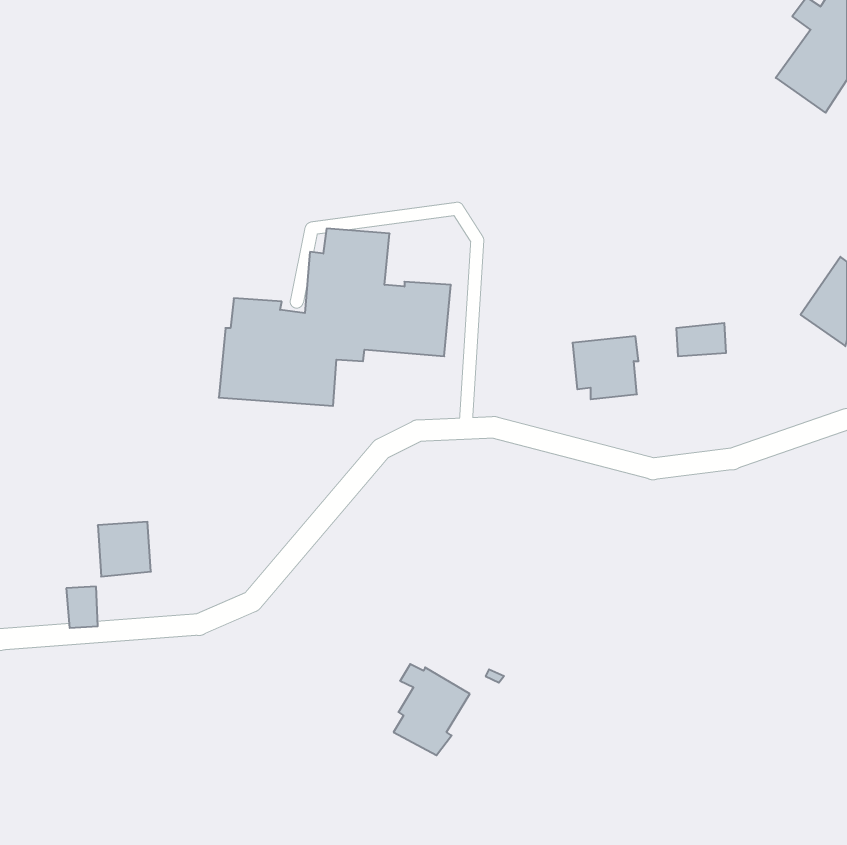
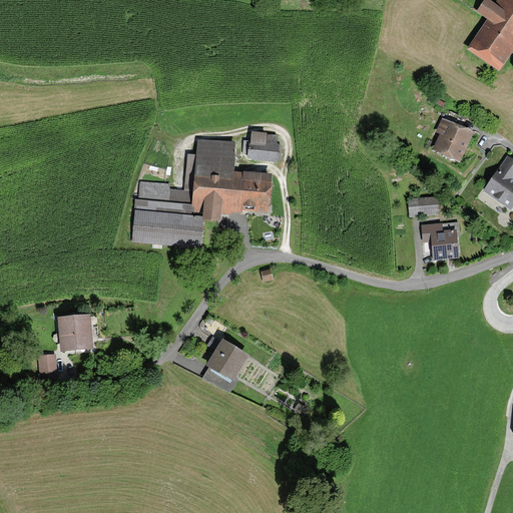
building: none -> [433,115,475,161]
building: none -> [248,130,279,160]
building: [572,336,639,399] -> [421,220,461,259]
building: [394,664,470,755] -> [203,336,249,391]

